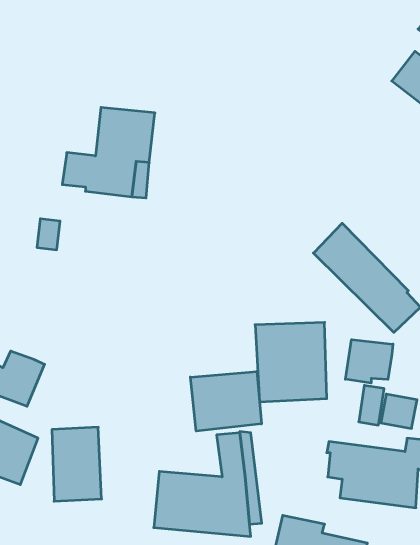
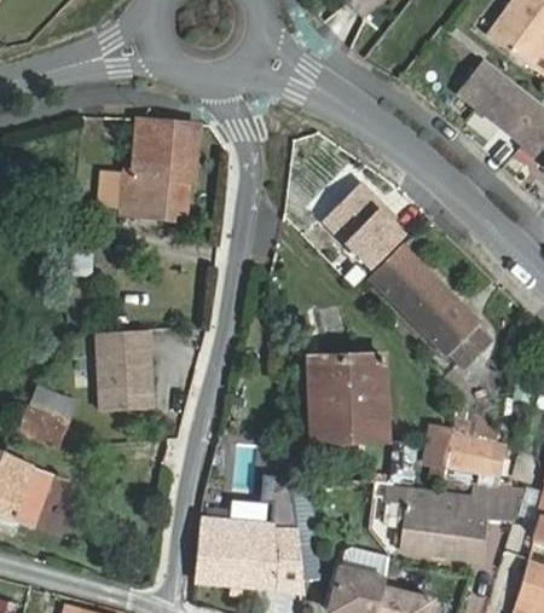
building: none -> [324,183,401,261]
building: [345,340,393,383] -> none
building: [190,371,261,431] -> none
building: [52,427,102,501] -> [98,331,152,412]

